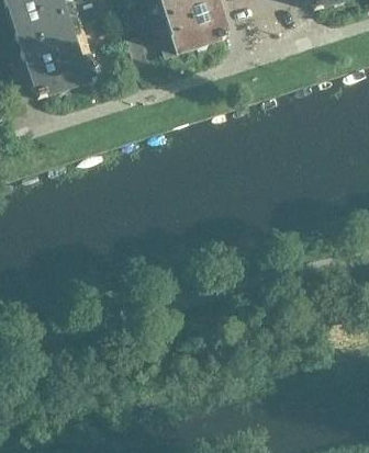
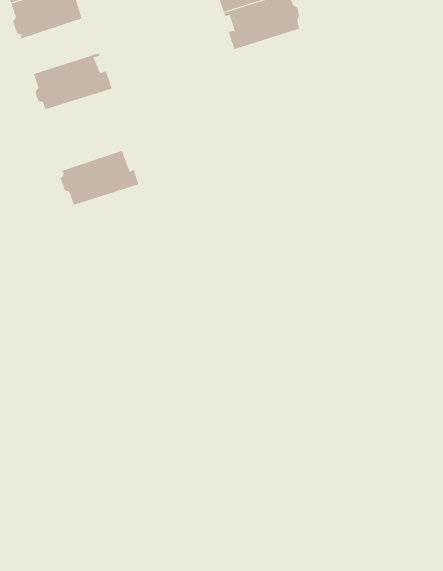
building: [21,26,79,67] -> [60,150,139,206]

